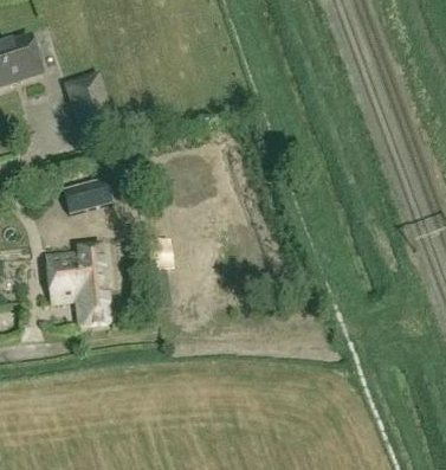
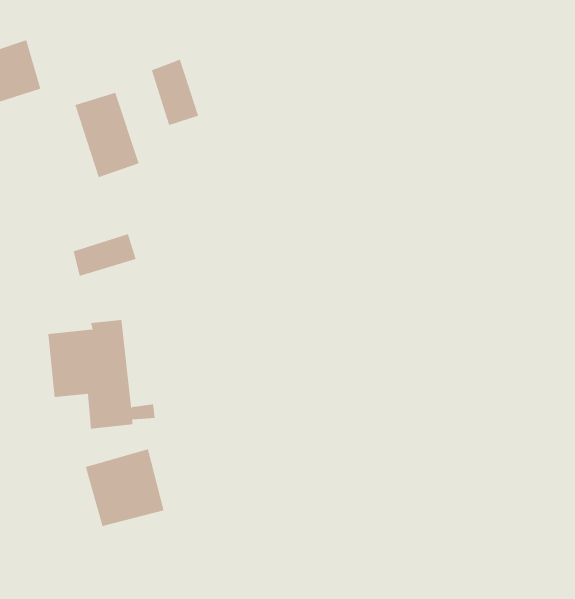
building: none -> [151,59,199,126]
building: none -> [85,449,164,527]

